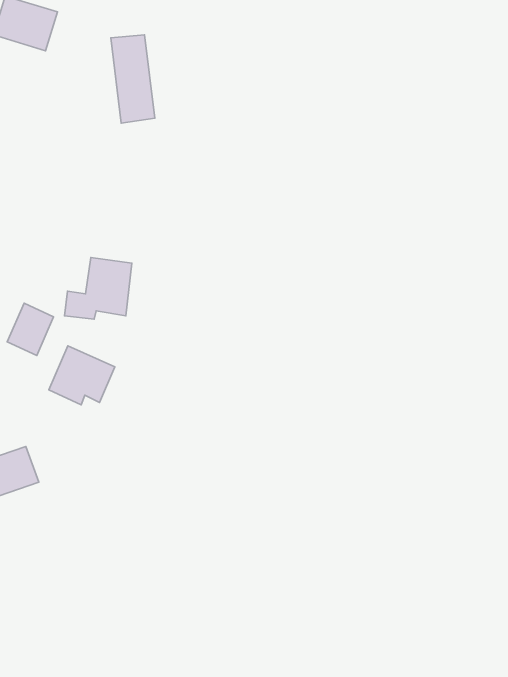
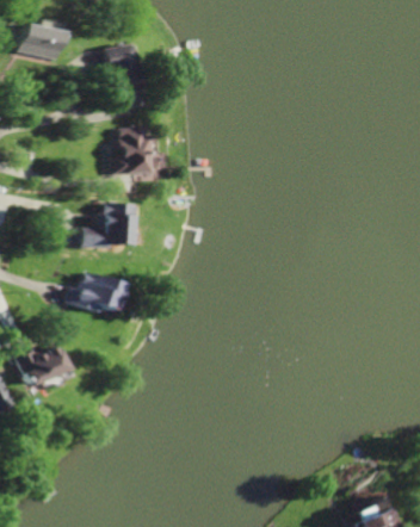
building: none -> [110,126,148,174]
building: [7,303,54,356] -> none

